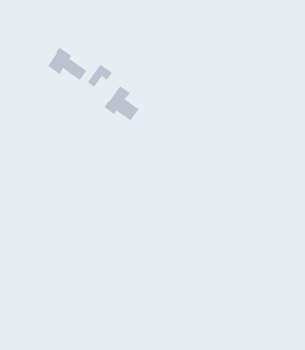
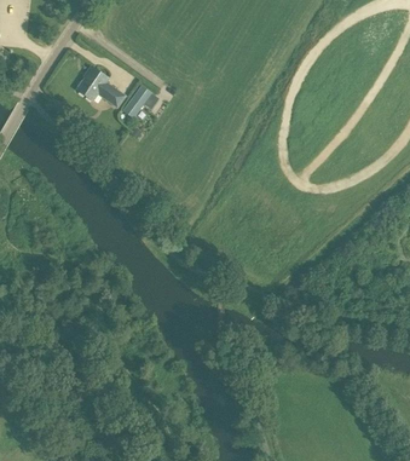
building: [103,85,139,121] -> none

